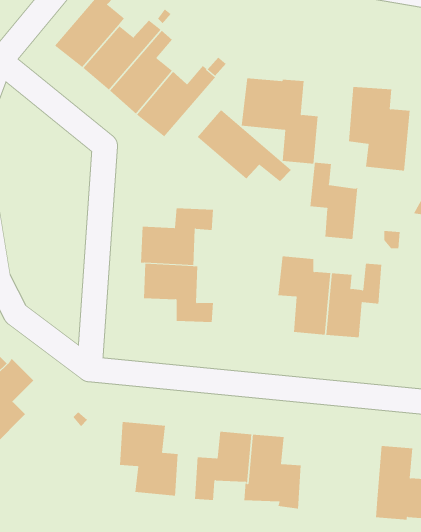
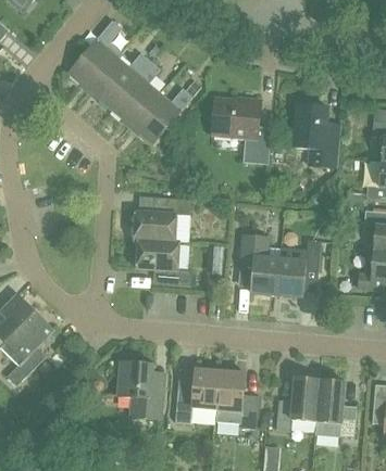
building: [197,109,292,182] -> none
building: [310,162,358,240] -> none
building: none -> [275,377,319,430]

